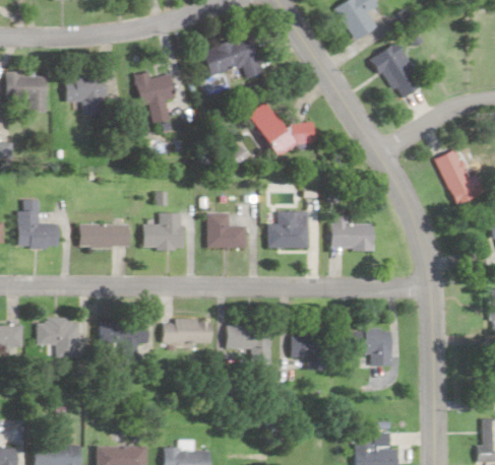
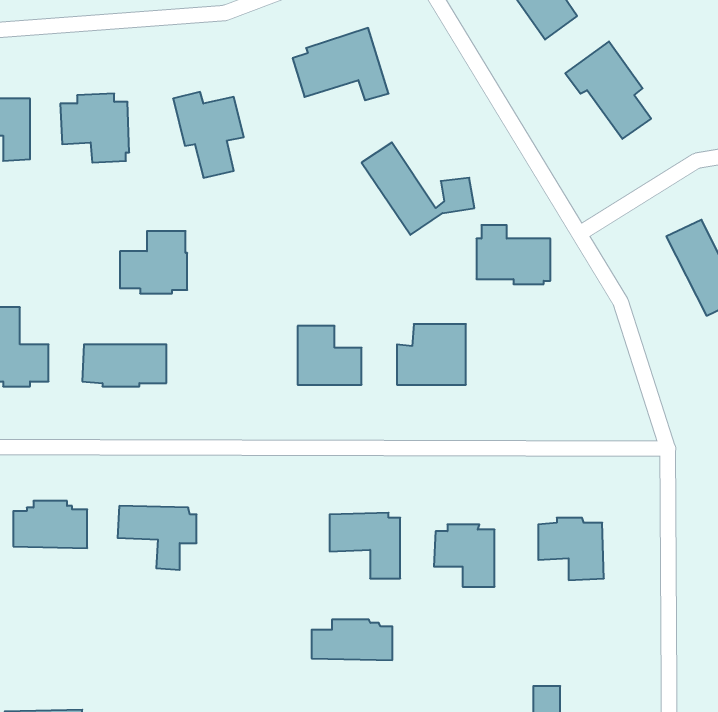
building: [144,212,185,250] -> [120,231,187,293]
building: [330,215,375,251] -> [476,225,550,284]
building: [163,319,211,343] -> [312,620,392,660]

